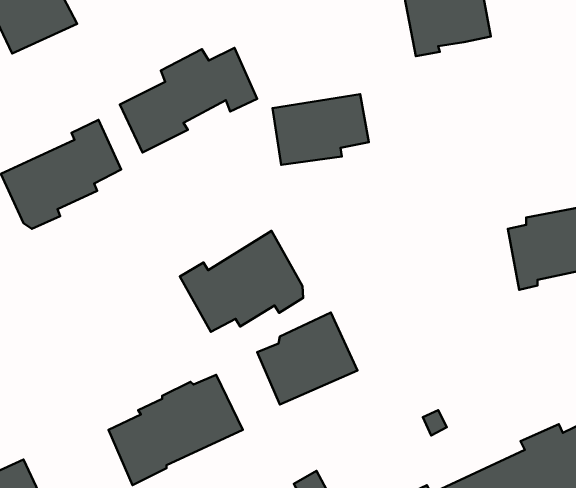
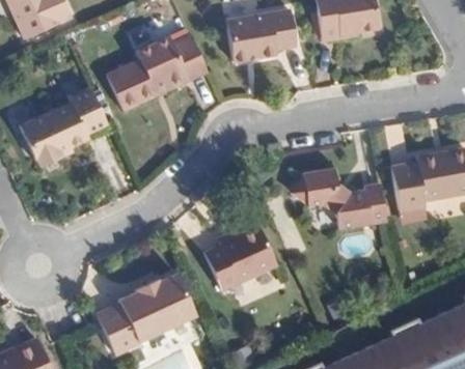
building: [273,94,369,165] -> [226,9,297,61]
building: [180,231,303,332] -> none
building: none -> [295,172,387,229]

